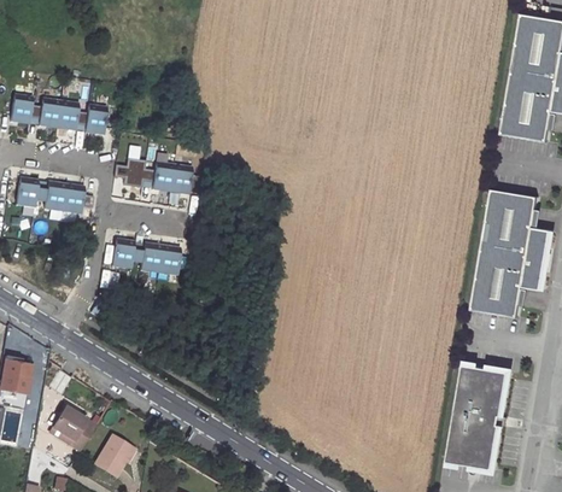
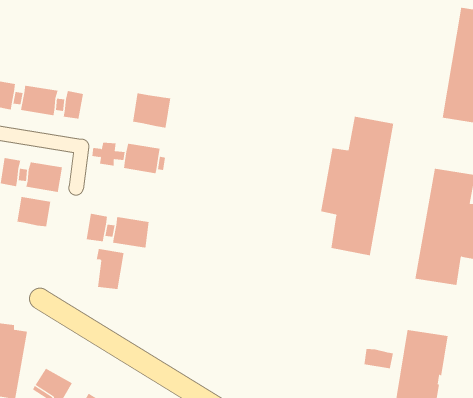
building: none -> [132,92,171,129]
building: none -> [320,116,394,256]
building: none -> [17,196,51,227]
building: none -> [96,248,124,290]
building: none -> [364,348,393,369]

